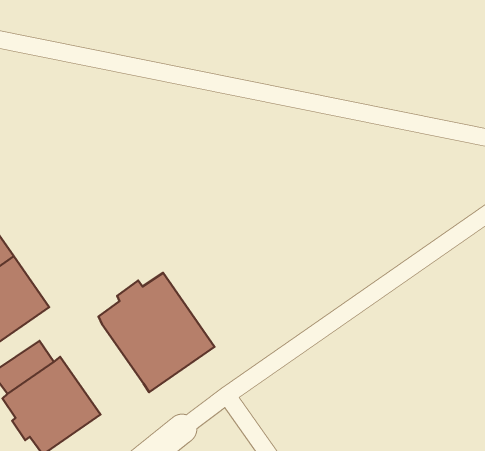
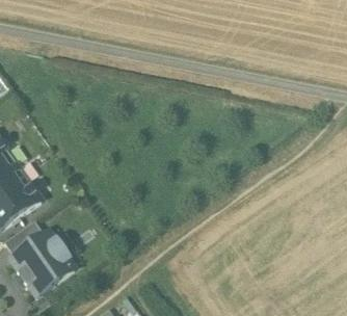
building: [98,273,215,392] -> none

